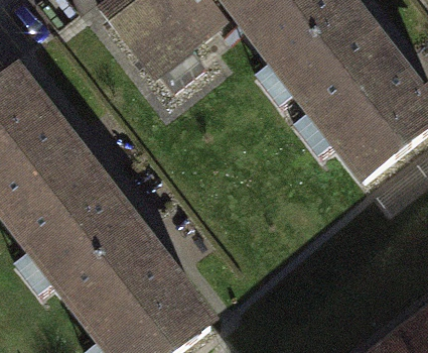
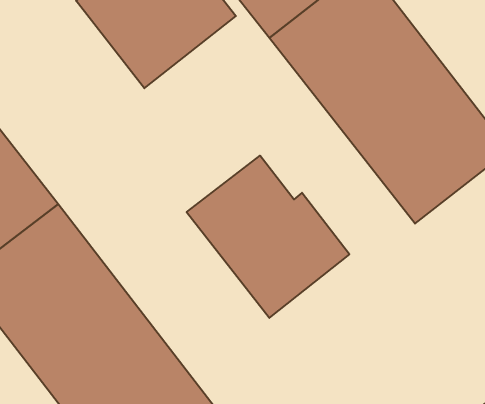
building: none -> [187,156,349,318]

